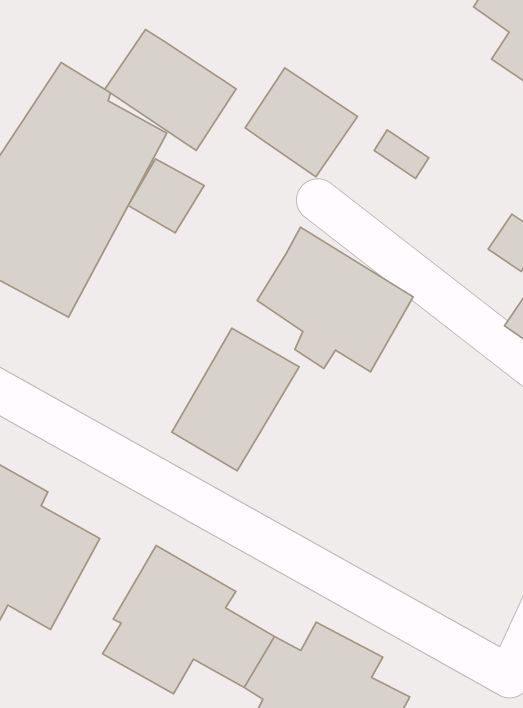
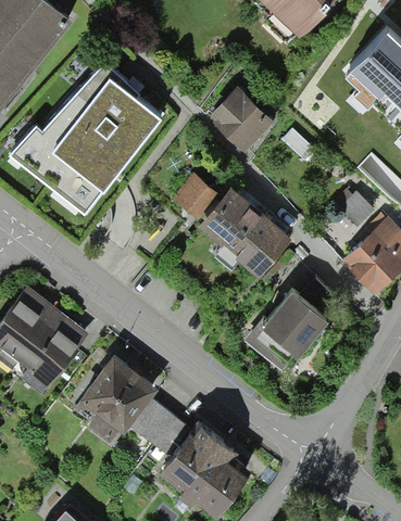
building: [105,29,236,150] -> none
building: [128,159,204,233] -> [174,175,221,220]
building: [172,328,299,471] -> [248,285,329,370]

